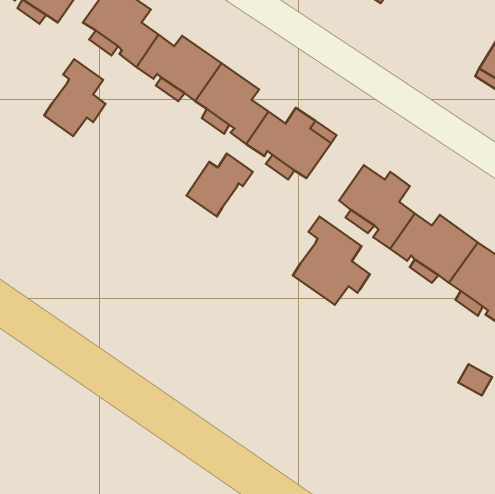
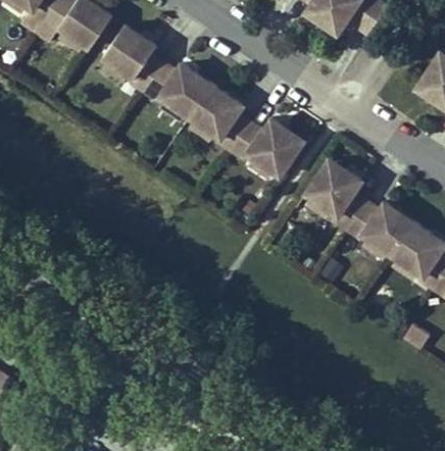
building: [44,59,106,136] -> none
building: [186,154,253,216] -> none
building: [293,217,370,305] -> none

